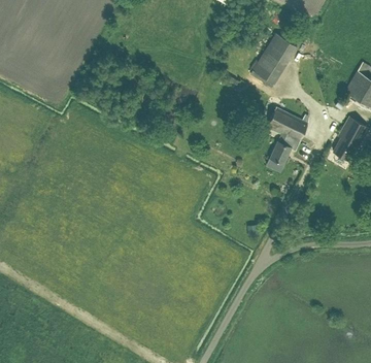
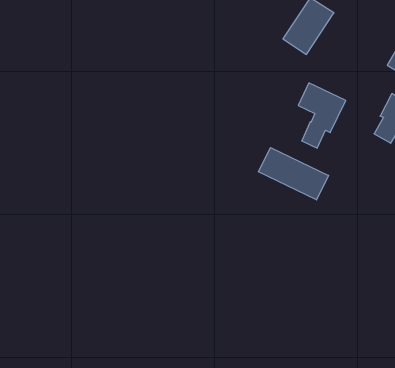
building: none -> [259,148,329,200]

